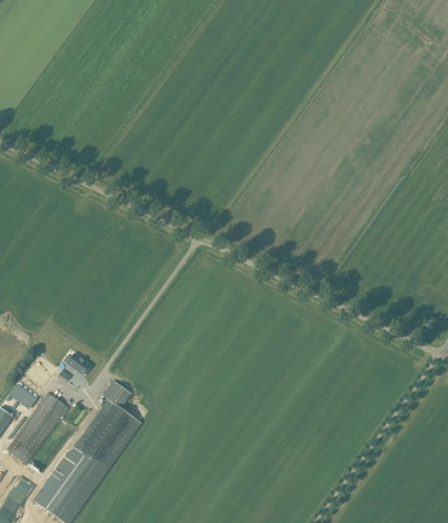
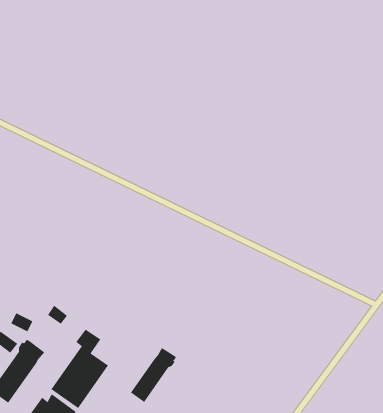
building: none -> [130,347,177,403]

